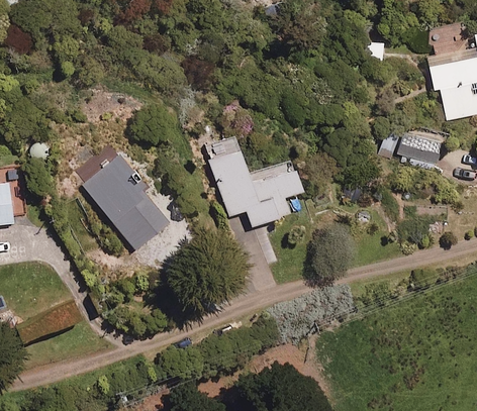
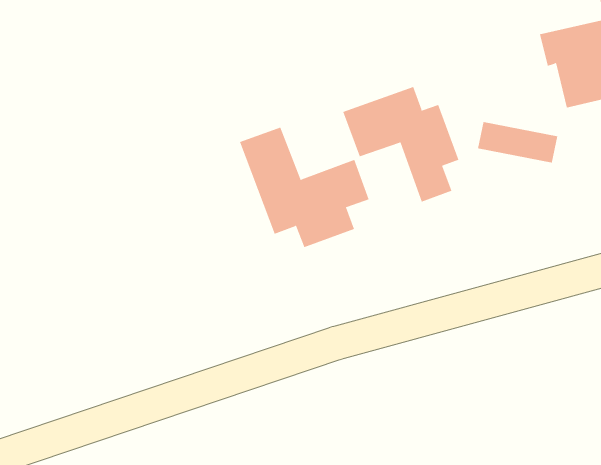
building: none -> [342,86,459,202]
building: [83,156,168,249] -> none

